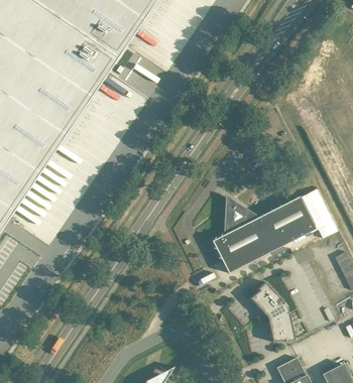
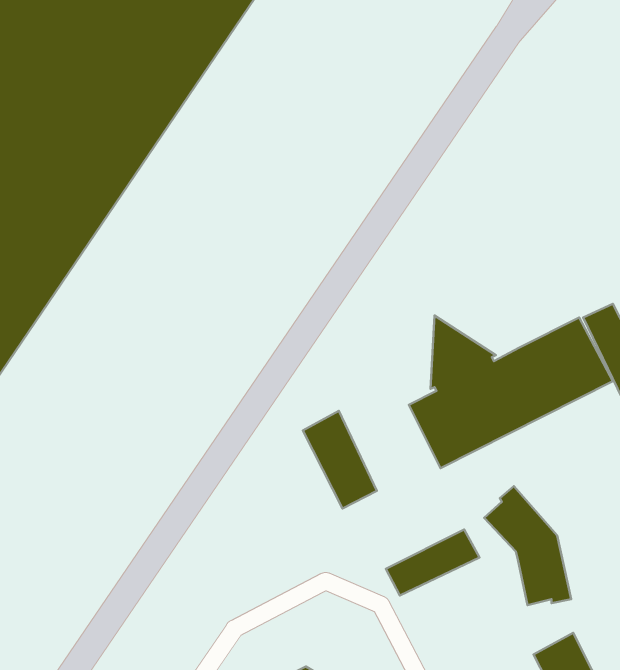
building: none -> [303,411,377,509]
building: none -> [386,530,480,595]

